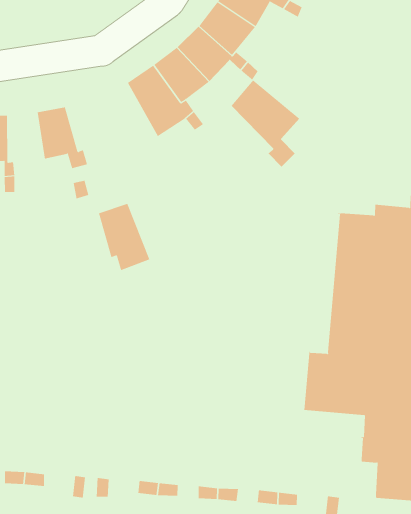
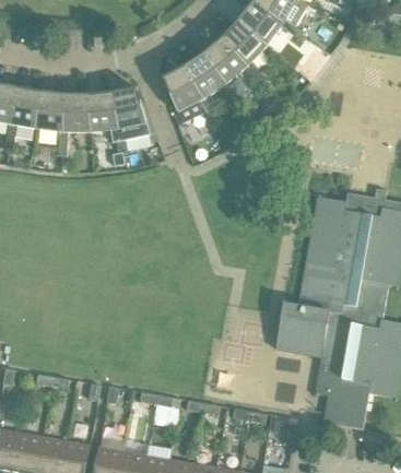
building: [231,80,300,168] -> none
building: none -> [63,94,92,131]
building: [98,203,150,271] -> [113,86,150,139]

